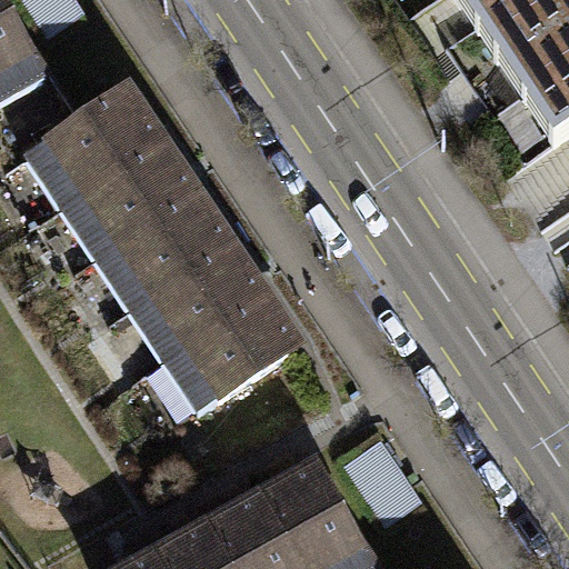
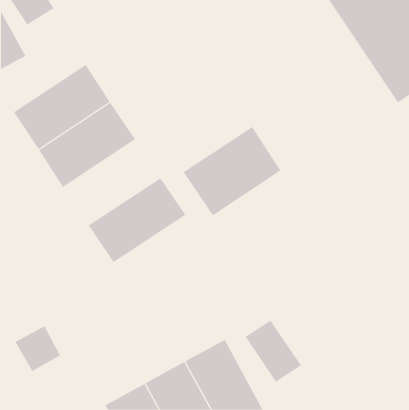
building: none -> [183,126,281,216]
building: [94,190,229,308] -> none
building: [163,293,297,411] -> none

